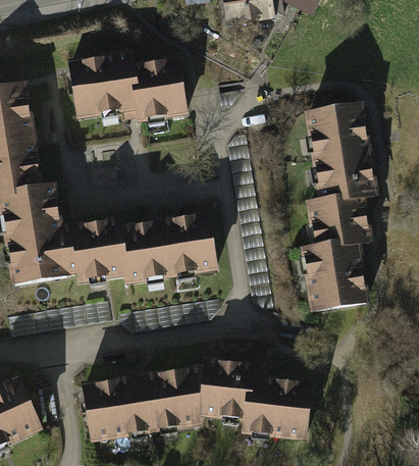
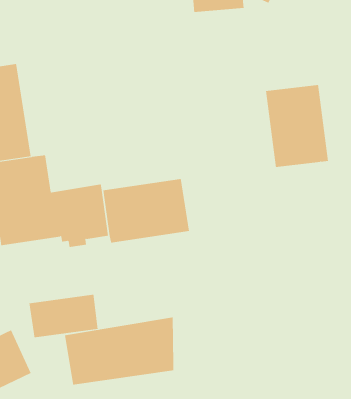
building: [67,52,188,122] -> none
building: [299,191,373,313] -> none
building: none -> [29,294,98,338]
building: [202,356,311,443] -> none

